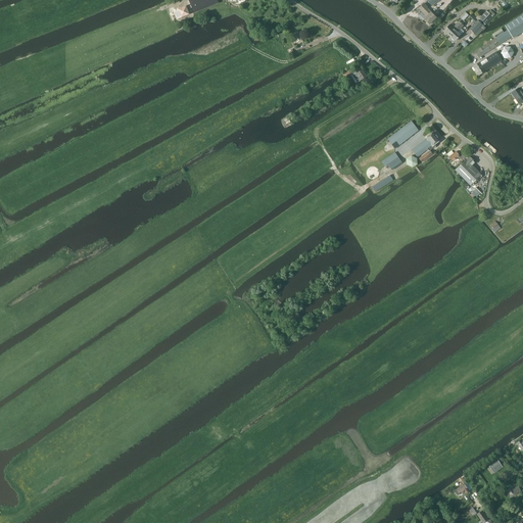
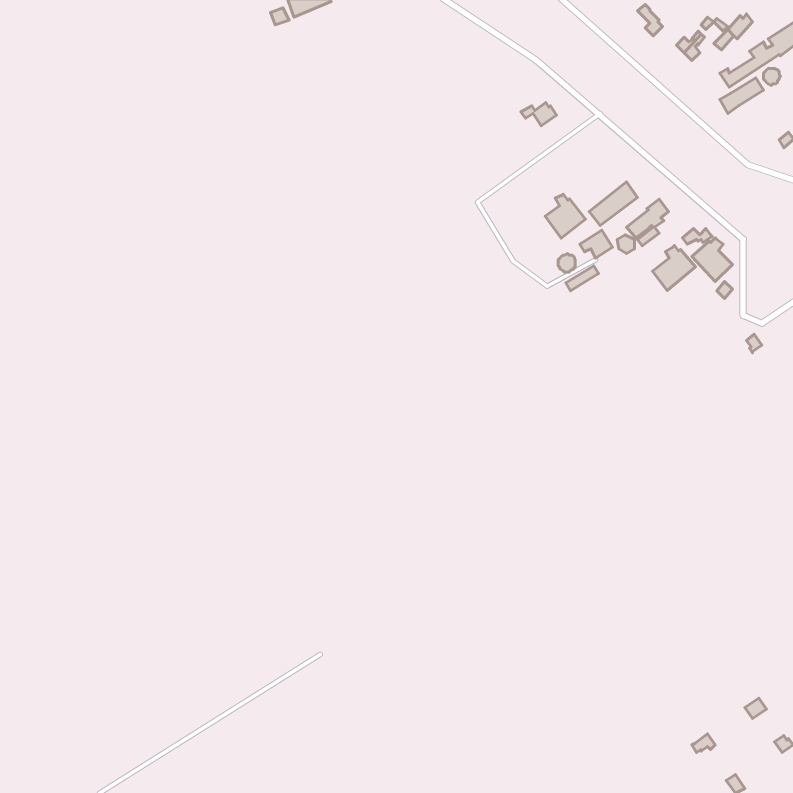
building: none -> [545,194,586,238]
building: none -> [653,246,695,290]

